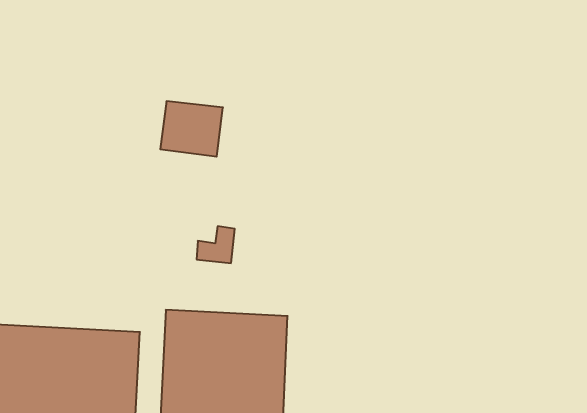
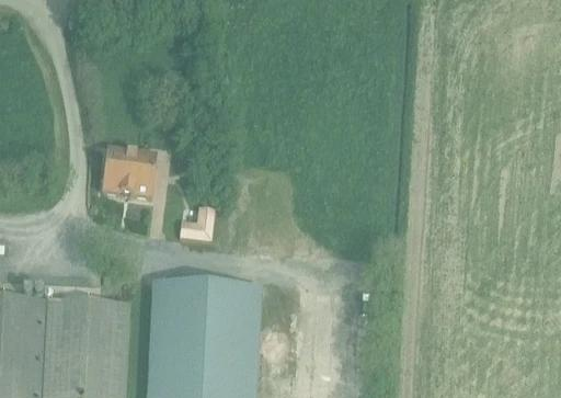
building: [160,101,223,157] -> [101,145,157,194]

